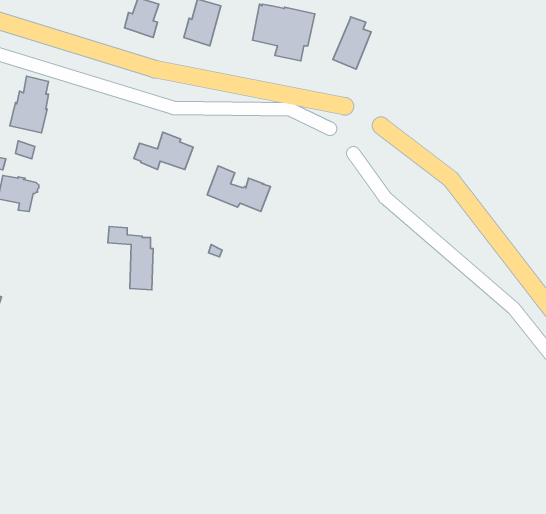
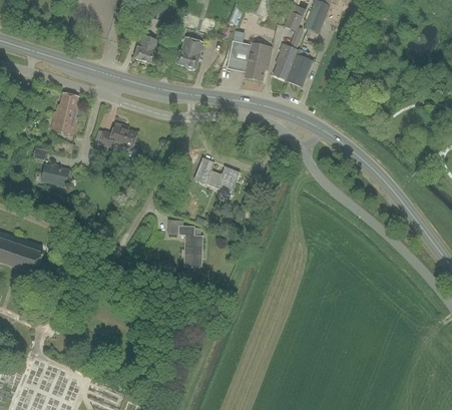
building: none -> [272,43,298,79]
building: [134,132,193,169] -> [94,121,137,148]
building: [108,226,153,290] -> [168,220,201,266]

